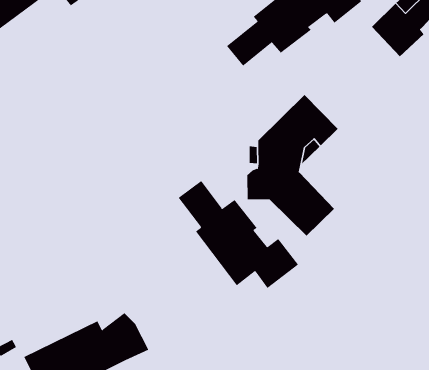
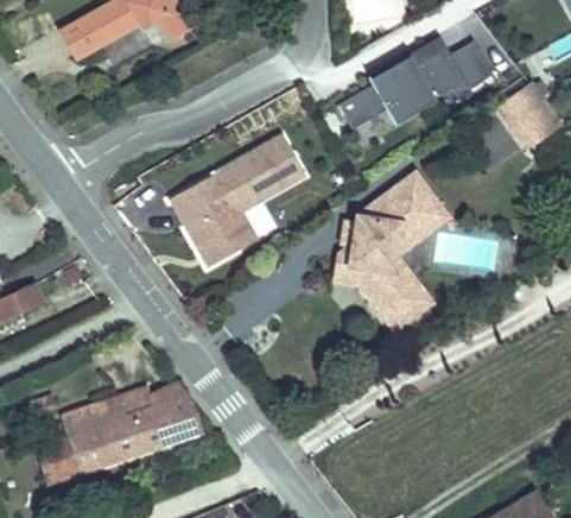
building: none -> [172,132,307,264]
building: [178,180,299,289] -> none

